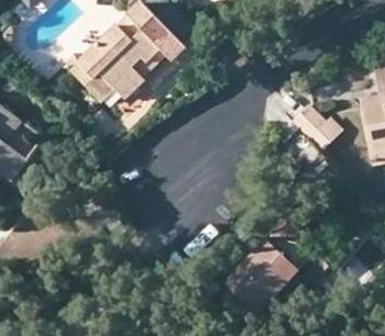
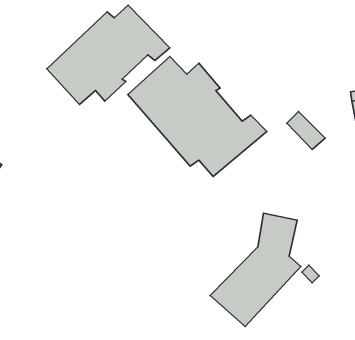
building: none -> [128,57,267,176]

